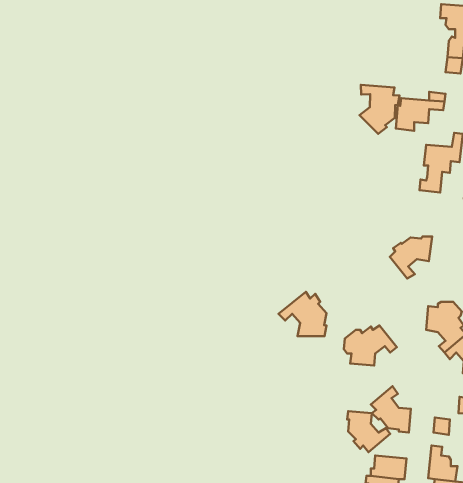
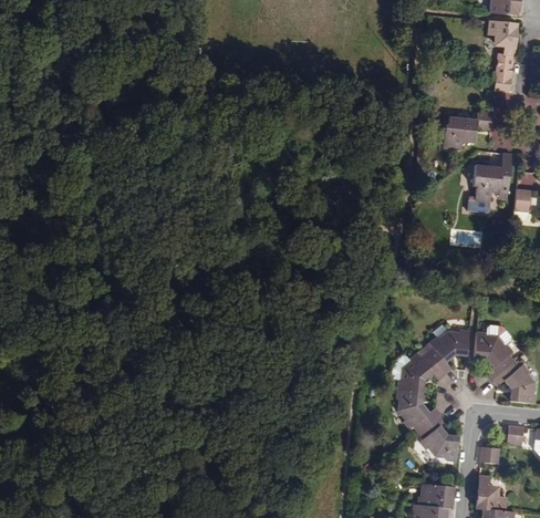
building: [359,85,399,134] -> none
building: [390,236,432,279] -> [426,330,469,373]
building: [279,292,327,336] -> none
building: [347,411,390,452] -> [395,390,439,432]

